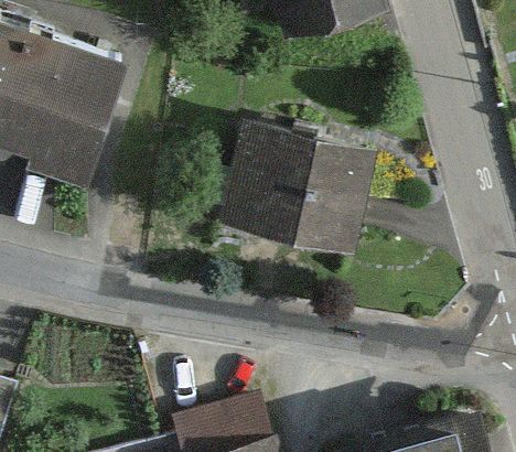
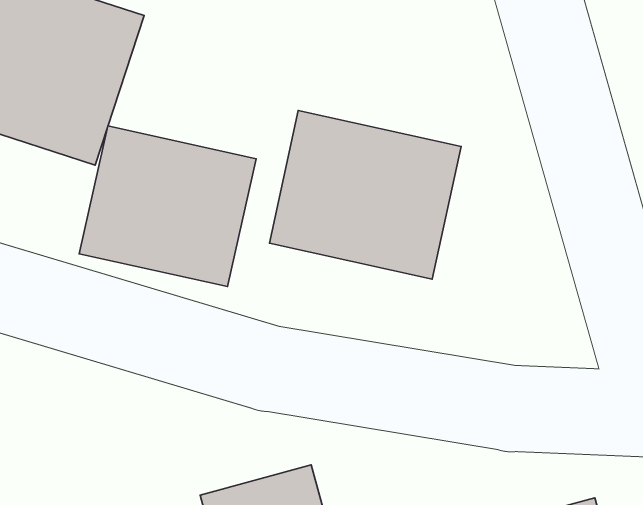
building: none -> [79,126,256,287]

